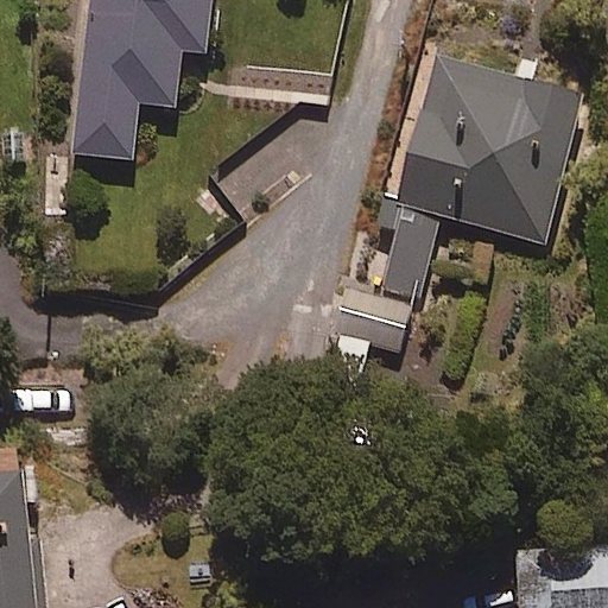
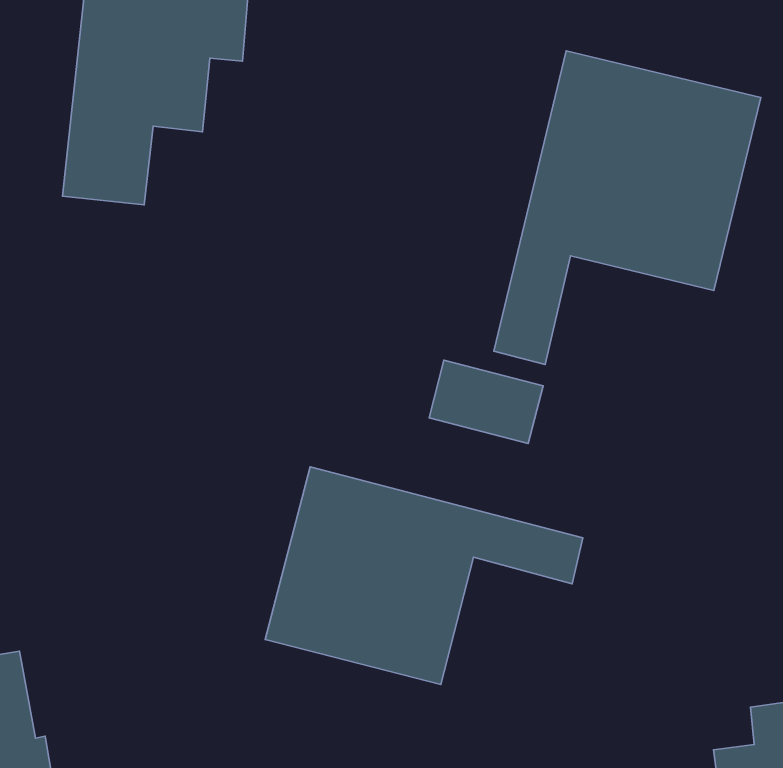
building: none -> [265,467,583,685]

